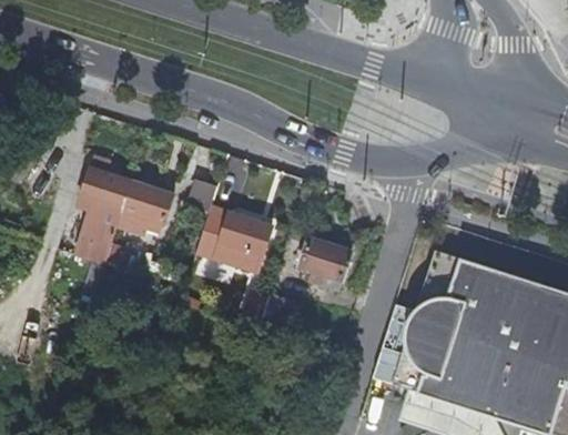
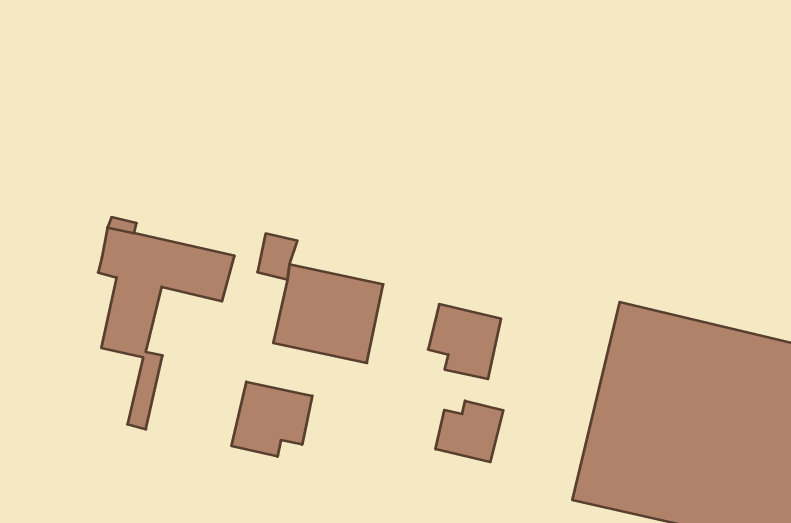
building: none -> [232,382,312,457]
building: none -> [436,401,503,462]

